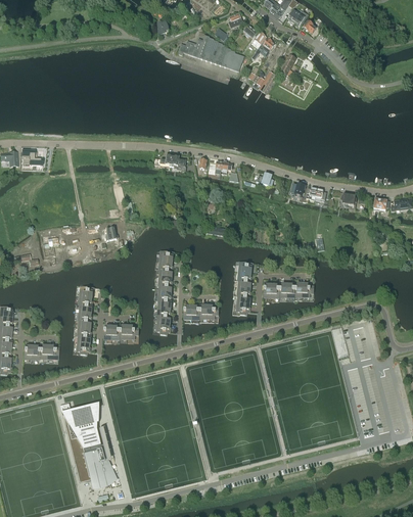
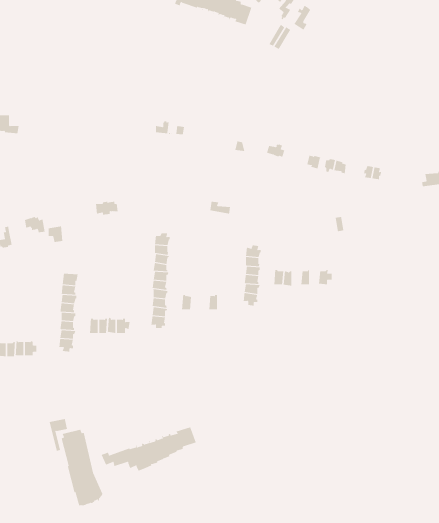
building: none -> [101,426,196,471]

